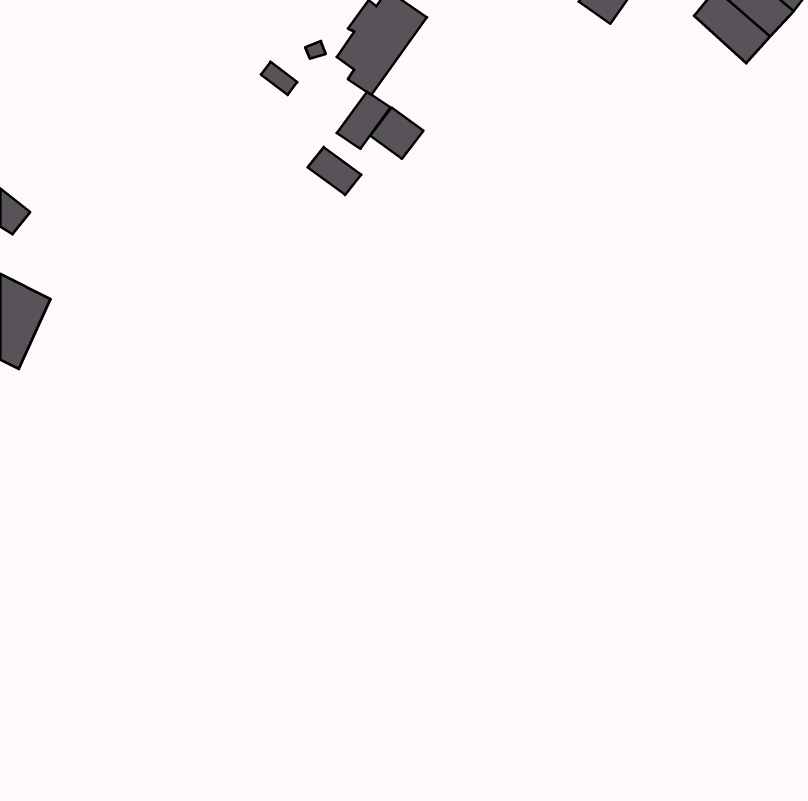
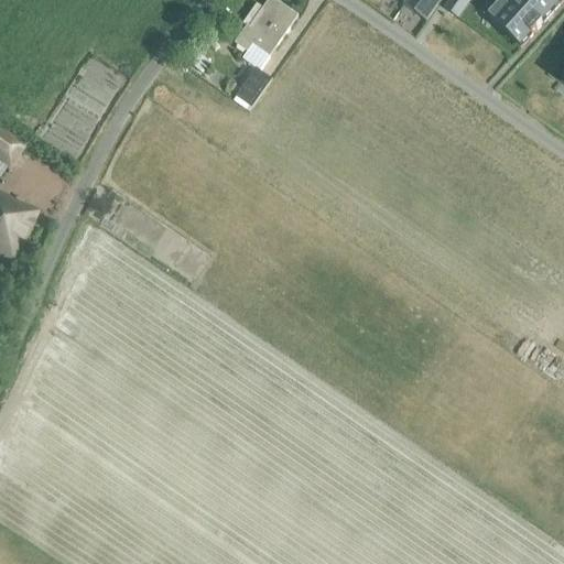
building: [370,108,423,159] -> none
building: [308,147,361,195] -> none

